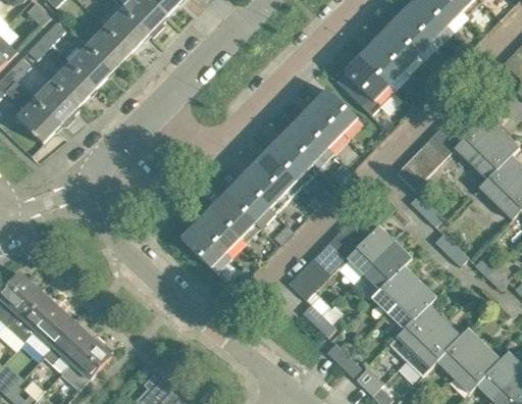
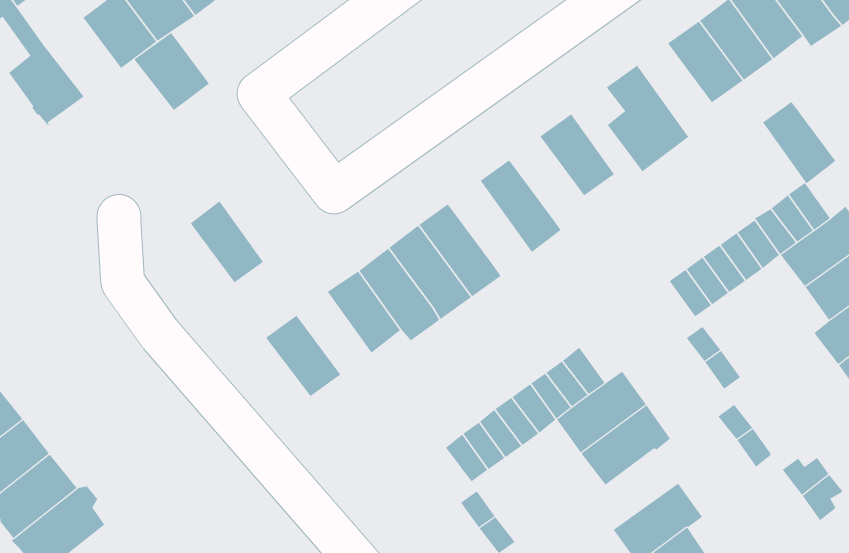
building: [359,42,403,86] -> [762,101,836,184]
building: [34,81,77,123] -> [133,32,210,111]
building: [298,104,342,148] -> none
building: [268,134,318,184] -> none
building: [196,208,240,252] -> [190,200,264,283]
building: [371,264,419,312] -> none

